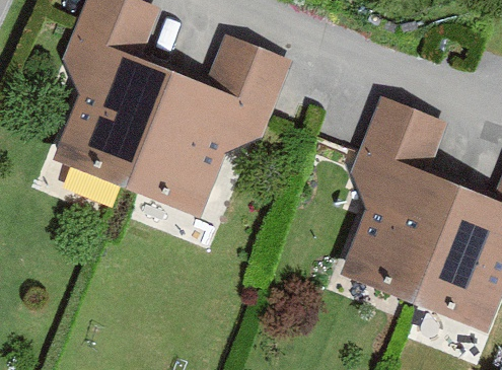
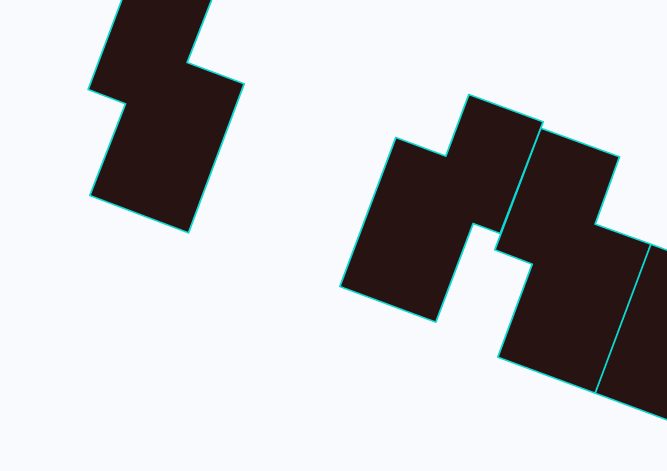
building: [134,45,278,206] -> [340,95,543,322]

